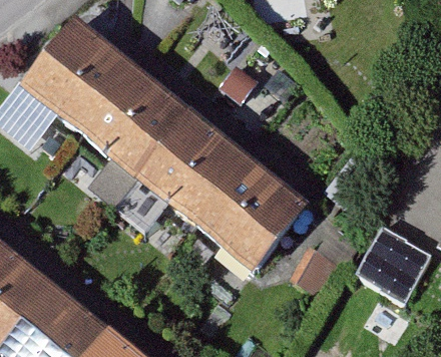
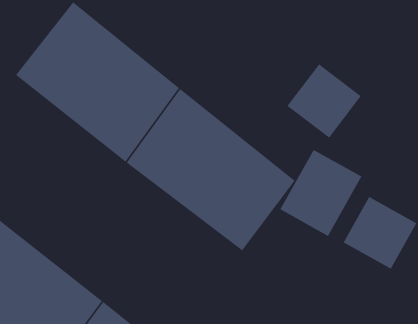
building: none -> [287,64,362,138]
building: none -> [279,149,362,237]

